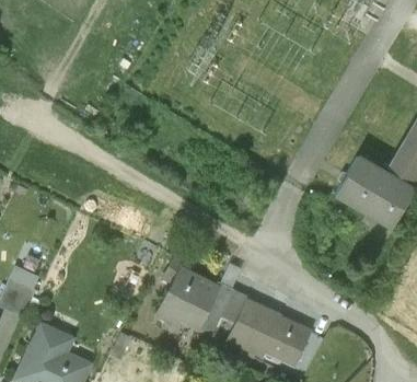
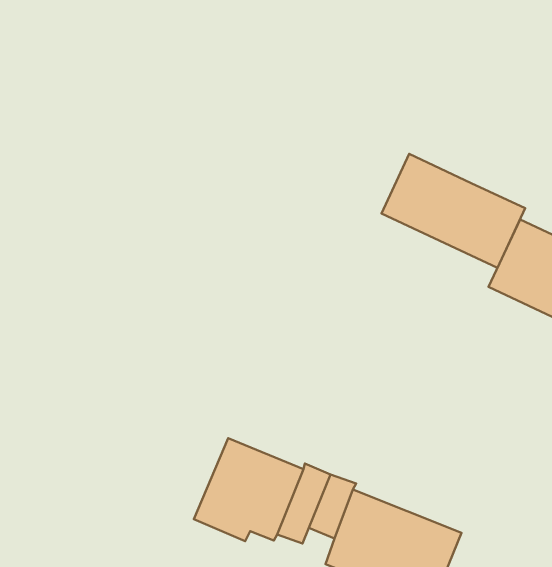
building: none -> [381,154,525,268]

